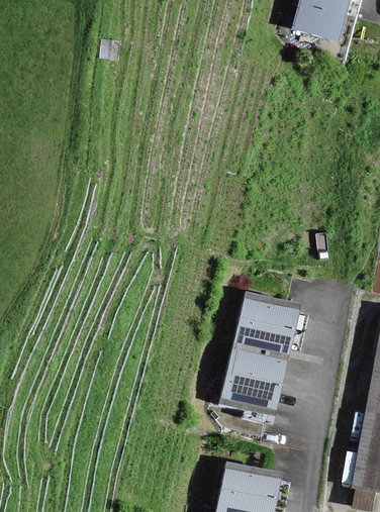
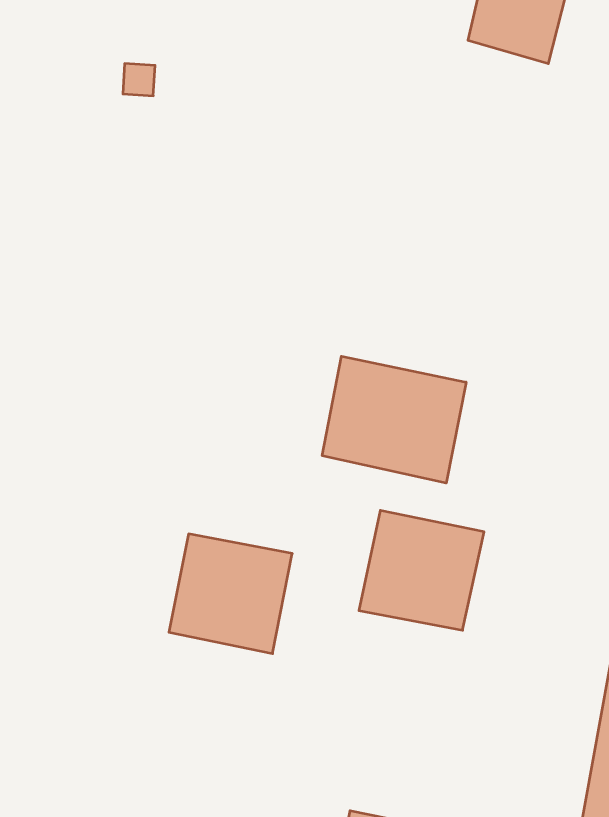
building: none -> [322,356,466,483]
building: [220,349,290,417] -> [169,534,292,654]

